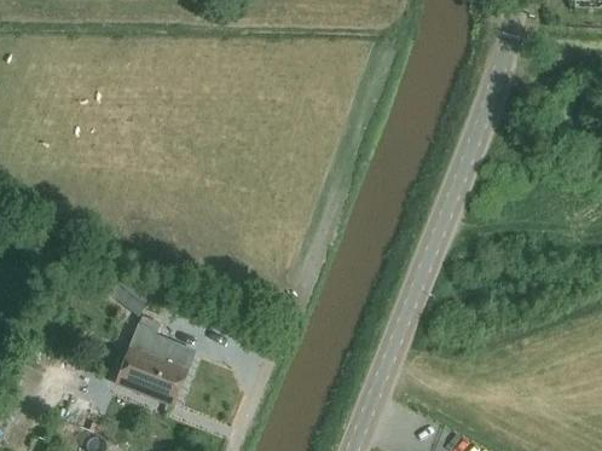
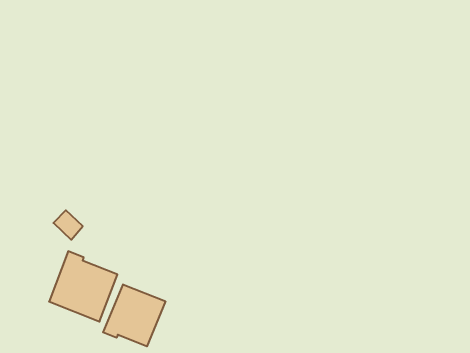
building: none -> [103,284,165,346]

